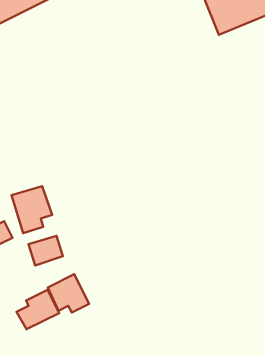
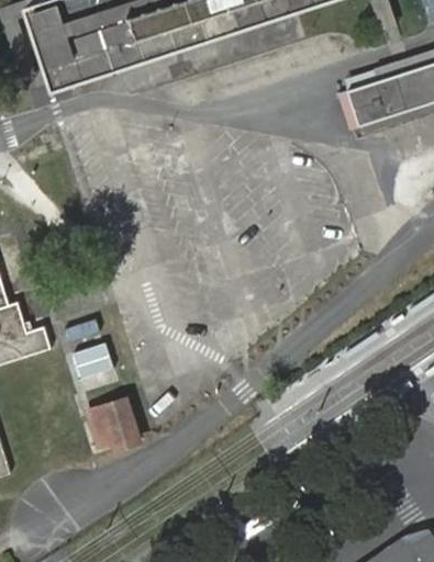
building: [12,186,52,233] -> none
building: [16,290,59,329] -> none

